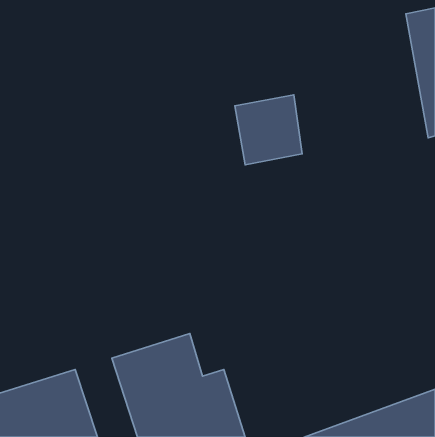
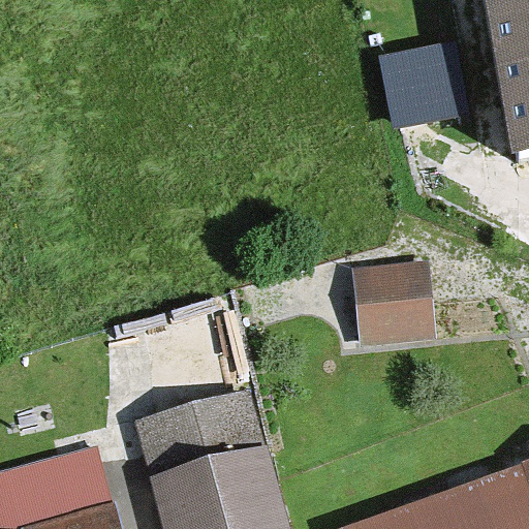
building: [235,95,302,165] -> [382,51,464,135]
building: none -> [349,267,436,343]

